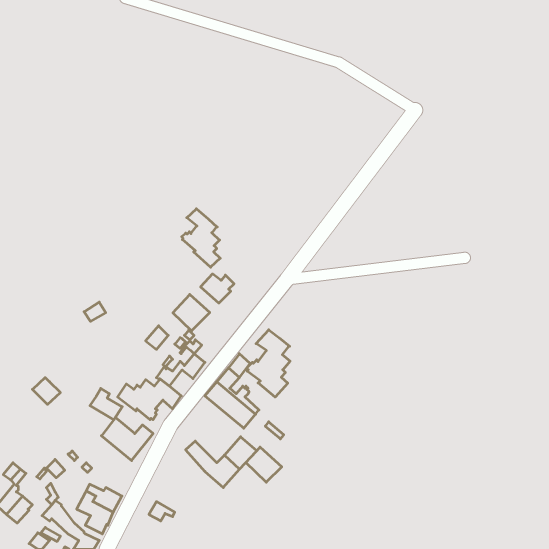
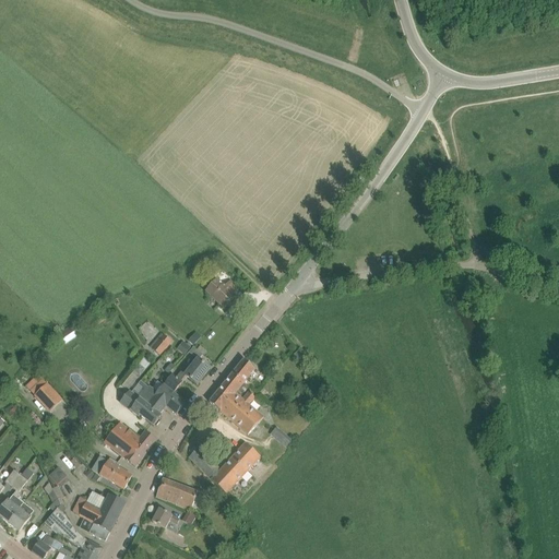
building: [182,209,220,267] -> none
building: [173,294,210,331] -> none
building: [247,330,290,397] -> none
building: [90,388,122,420] -> [98,456,131,488]
building: [246,447,282,482] -> none
building: none -> [154,478,195,507]

